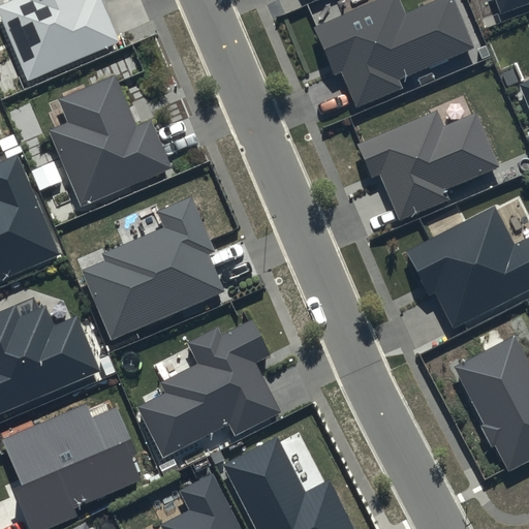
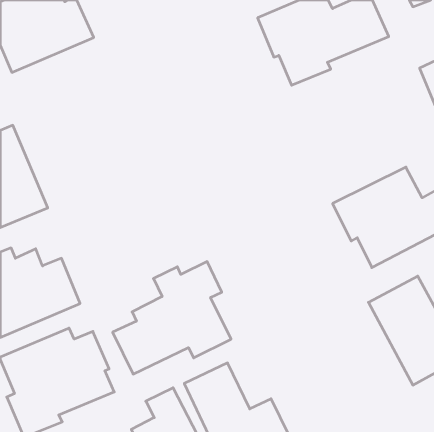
building: [50,75,172,206] -> none
building: [356,111,499,220] -> none
building: [83,196,224,340] -> none

